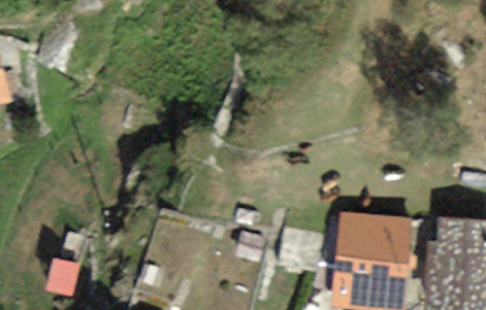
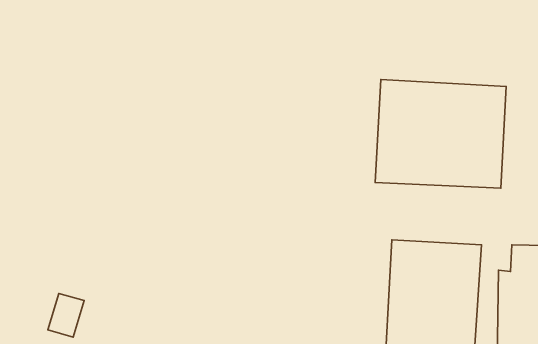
building: none -> [375,79,506,188]

